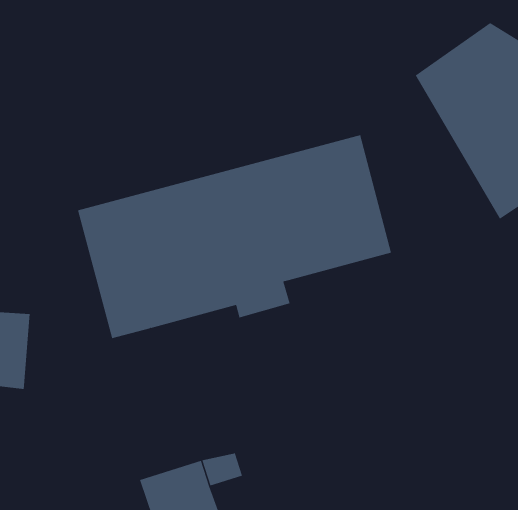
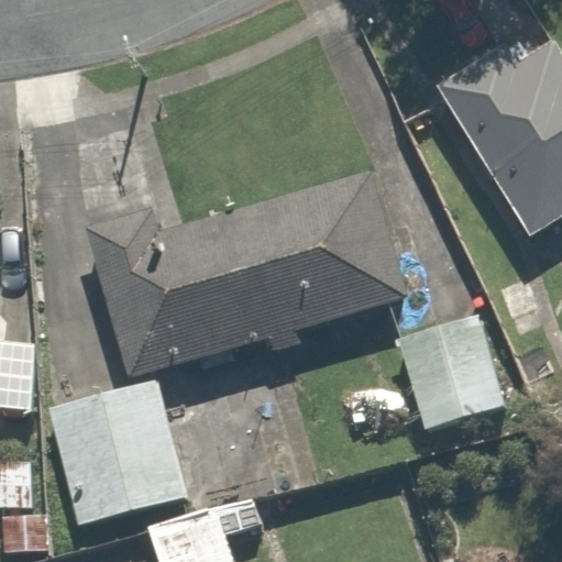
building: none -> [397,313,505,430]
building: none -> [48,379,187,525]

